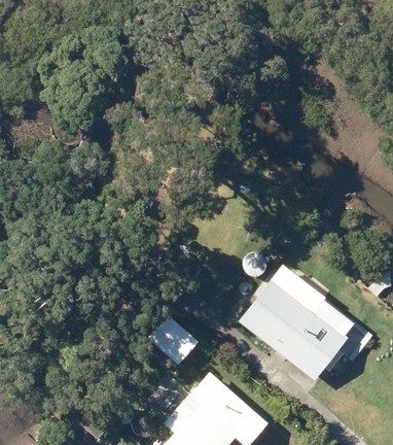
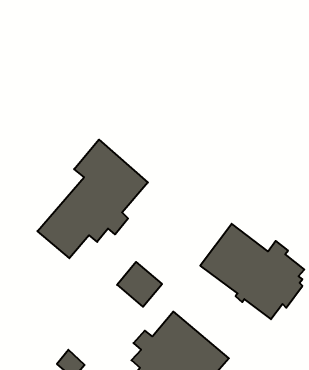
building: none -> [37,140,148,258]

